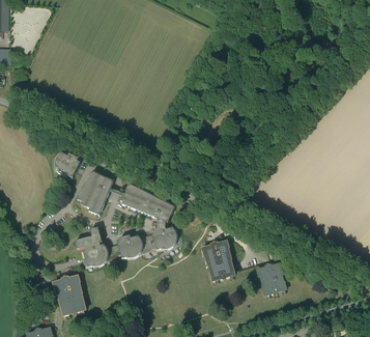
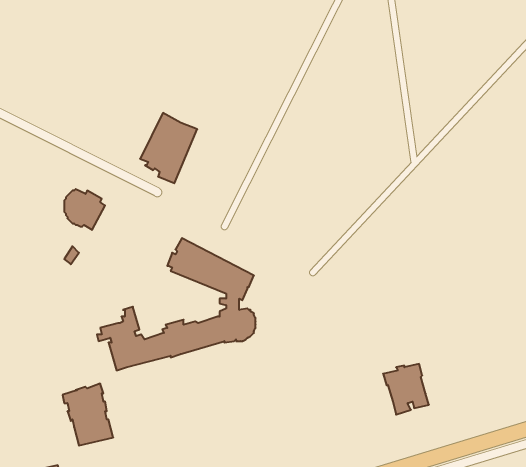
building: [77,170,113,215] -> [140,113,197,183]
building: [201,241,234,280] -> none

